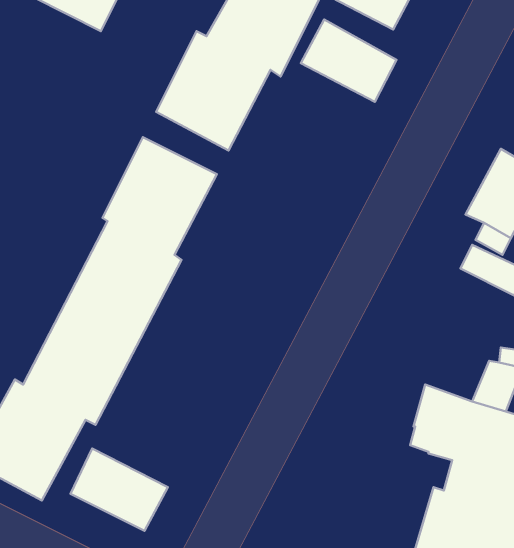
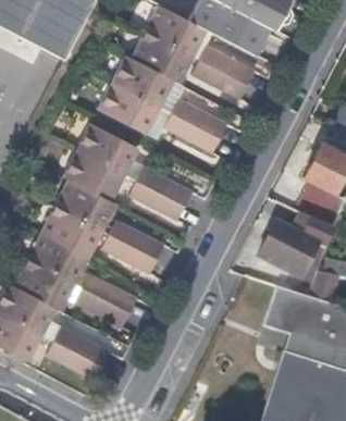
building: none -> [166,101,228,156]
building: none -> [131,169,194,222]
building: none -> [101,221,164,275]
building: none -> [260,226,316,273]
building: none -> [74,273,135,329]

